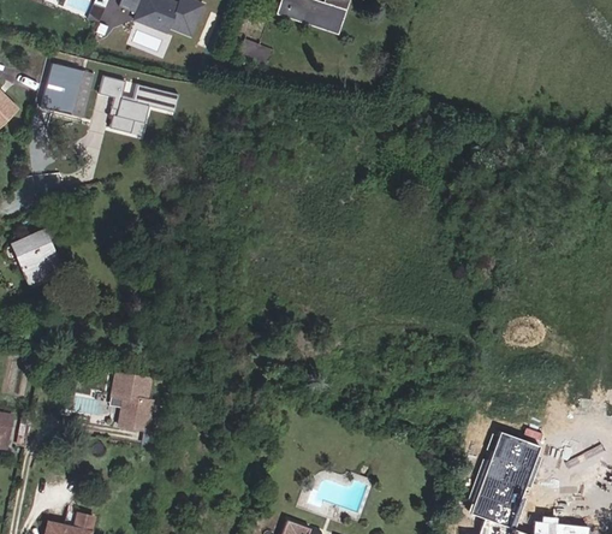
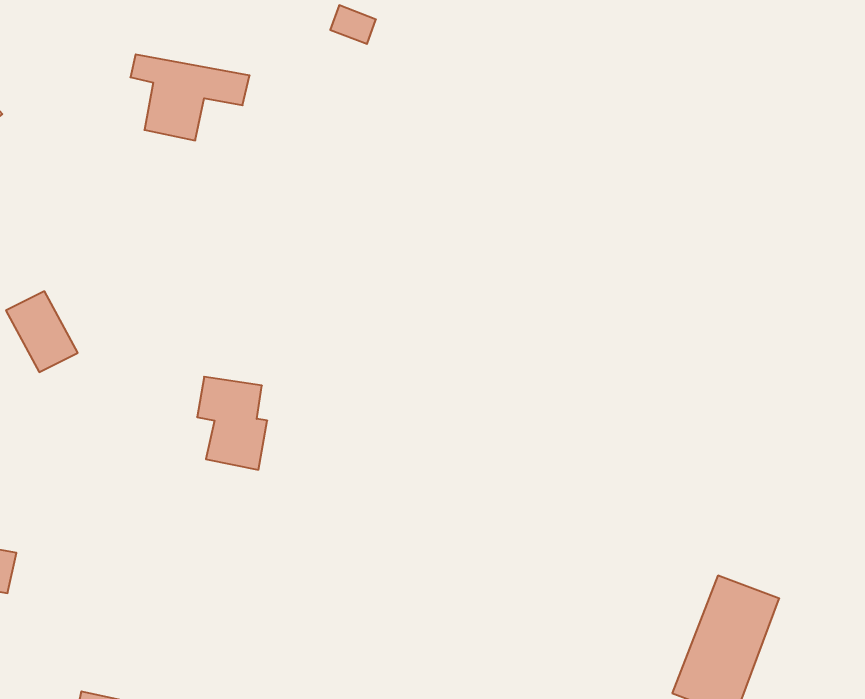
building: [42,65,94,112] -> none
building: [107,370,155,434] -> [197,377,267,470]

